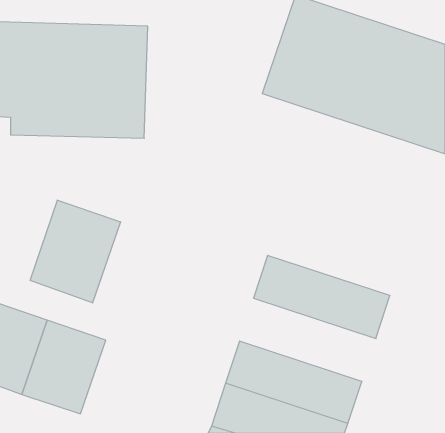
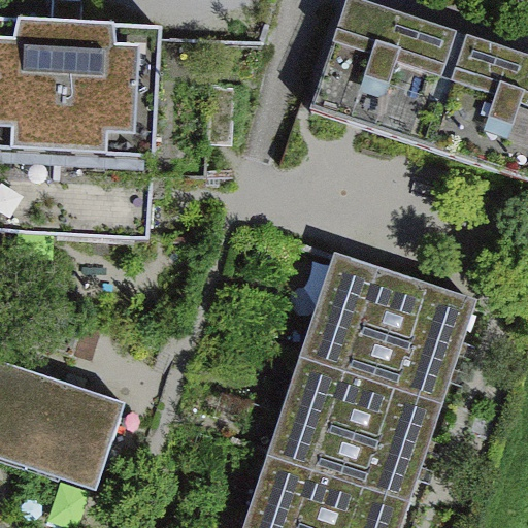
building: [30,200,121,303] -> none
building: none -> [316,252,476,349]
building: none -> [283,352,443,450]

